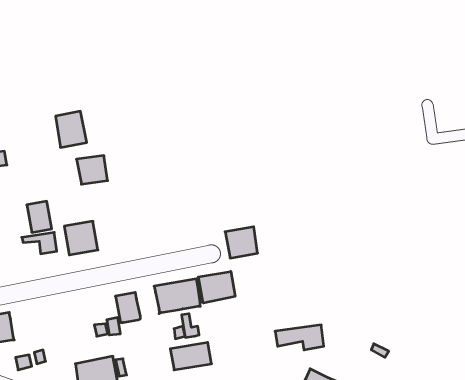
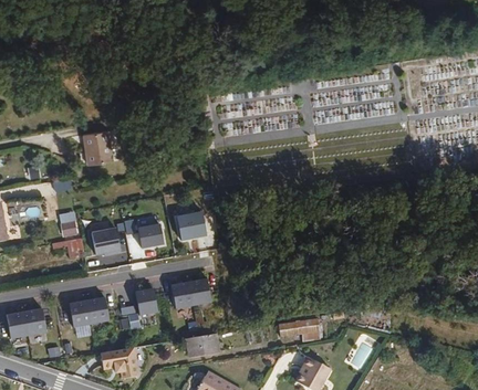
building: [76,156,108,184] -> [136,223,164,249]
building: [225,227,258,258] -> [176,213,205,241]
building: [198,271,235,303] -> none
building: none -> [67,298,107,328]

